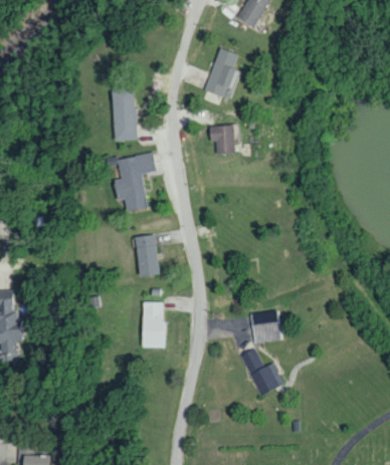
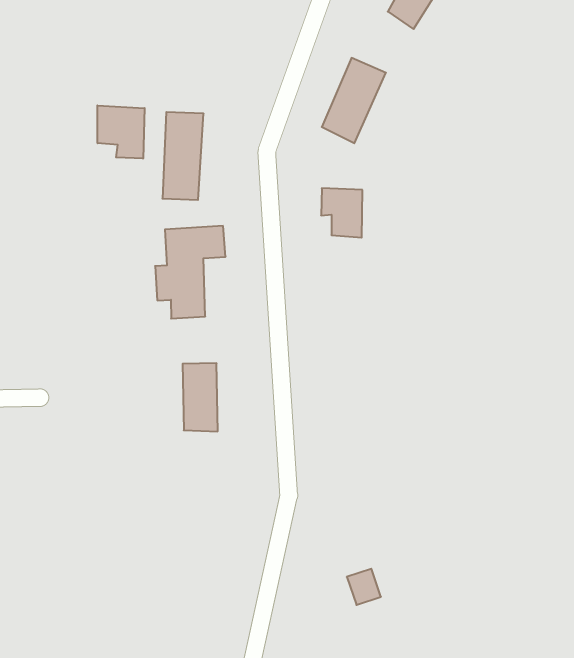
building: none -> [97,105,145,159]
building: [143,302,164,348] -> none
building: [252,310,280,342] -> none
building: [253,365,283,395] -> none

